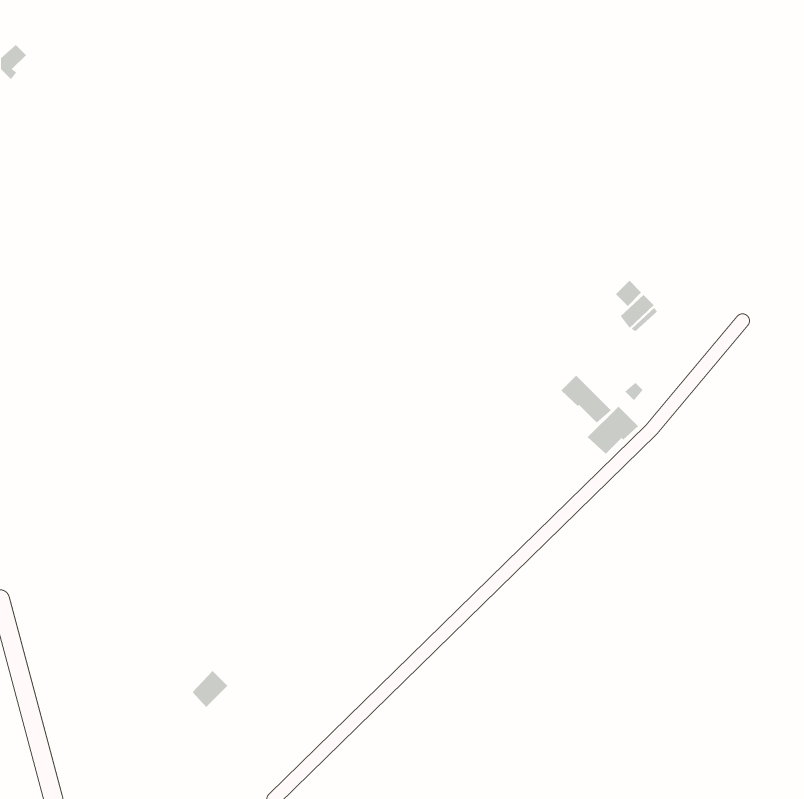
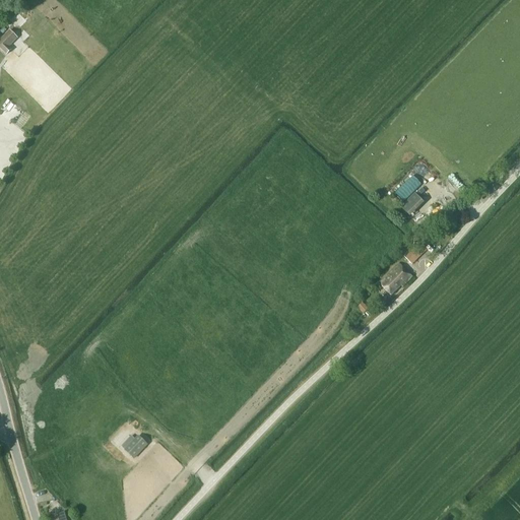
building: [560,375,612,424] -> none

